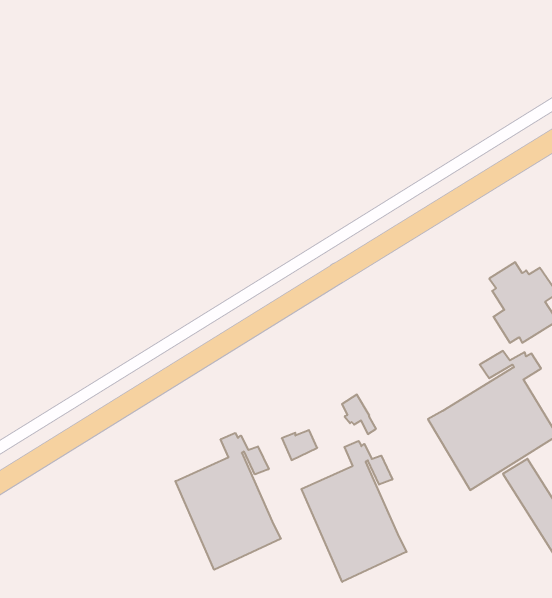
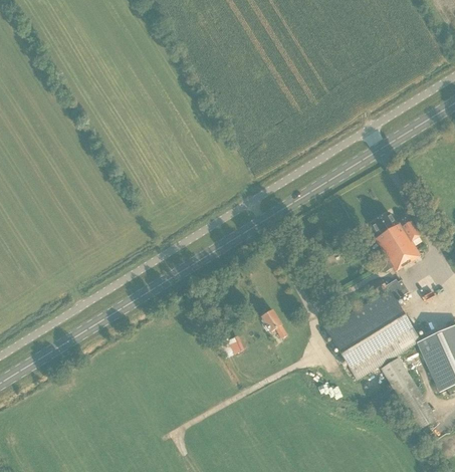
building: [175,433,281,570] -> none
building: [301,441,407,582] -> none

